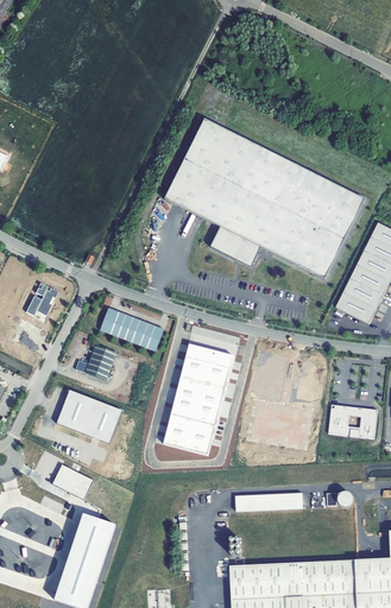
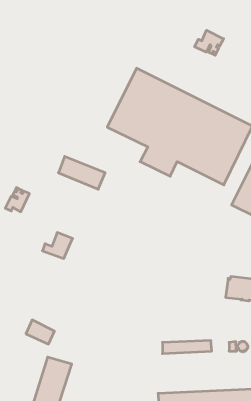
building: none -> [195,30,224,55]
building: [100,306,164,352] -> [58,156,105,189]
building: [163,344,233,456] -> none
building: [53,390,119,443] -> none

